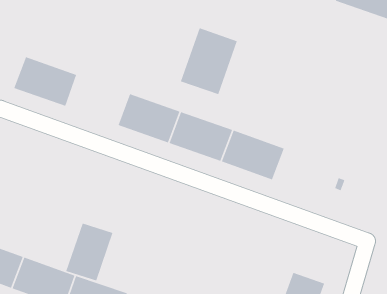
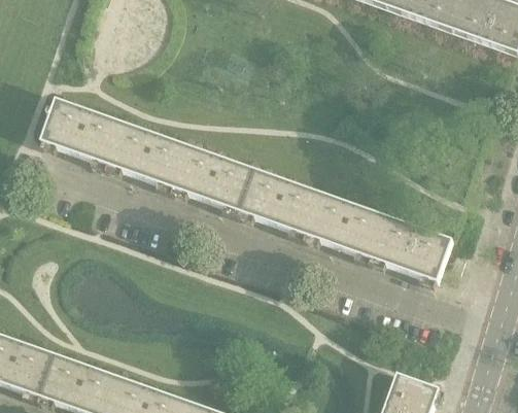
building: [180,27,238,95] -> none
building: none -> [106,121,187,185]
building: none -> [370,214,450,279]
building: [65,223,114,281] -> none

